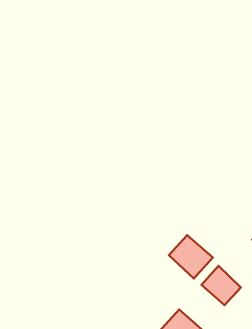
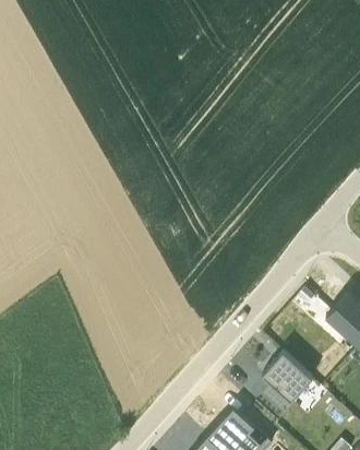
building: [169,235,213,278] -> none

